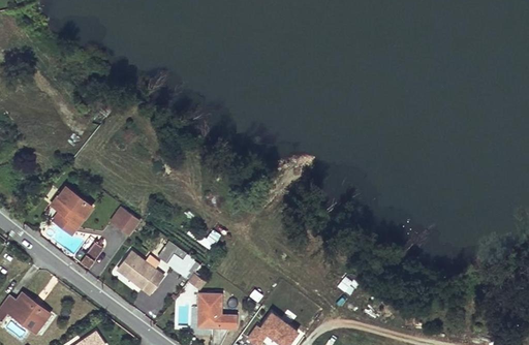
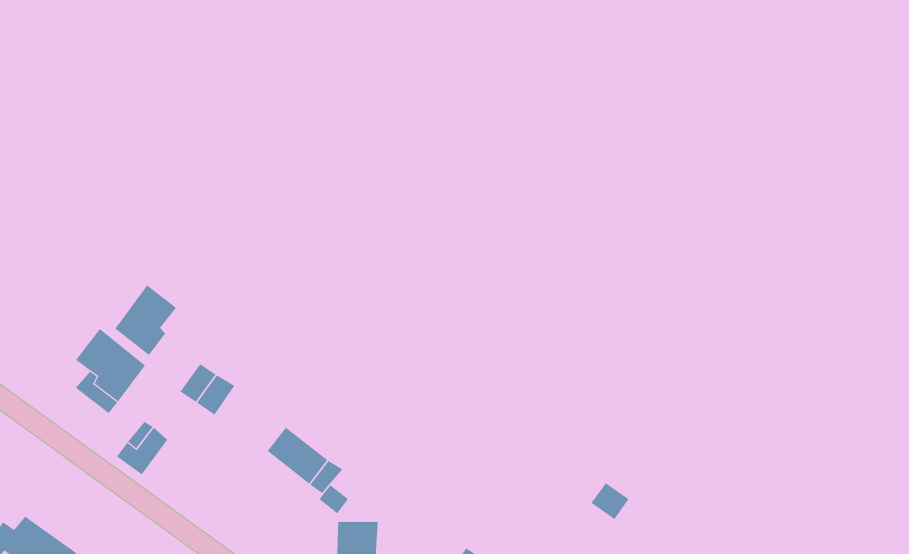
building: none -> [114,285,177,356]
building: [117,253,162,295] -> none

